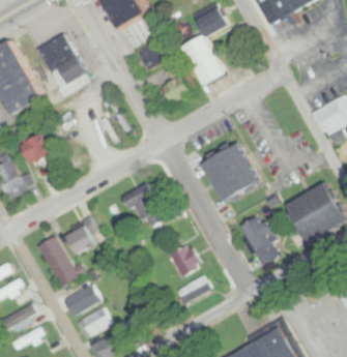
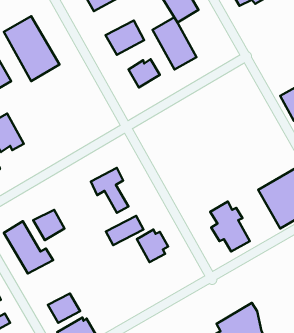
building: [200,143,260,204] -> none
building: [171,274,208,303] -> [106,216,144,245]
building: [62,279,99,317] -> none

